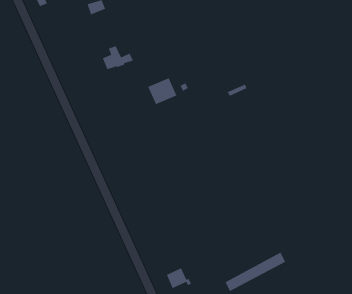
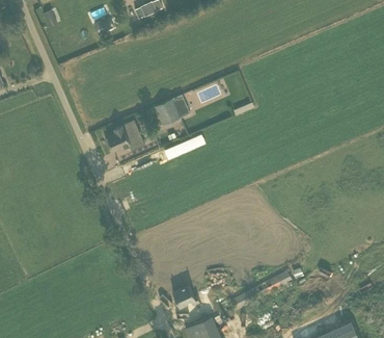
building: [102,45,134,70] -> [108,124,140,149]

